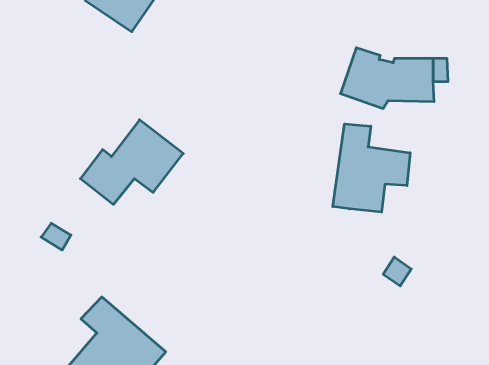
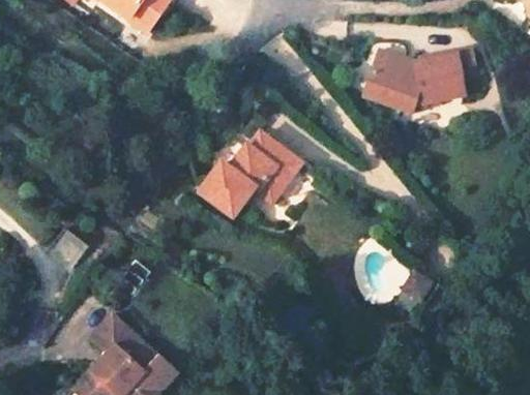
building: [80,120,183,204] -> [198,127,304,215]
building: [333,124,410,212] -> none

